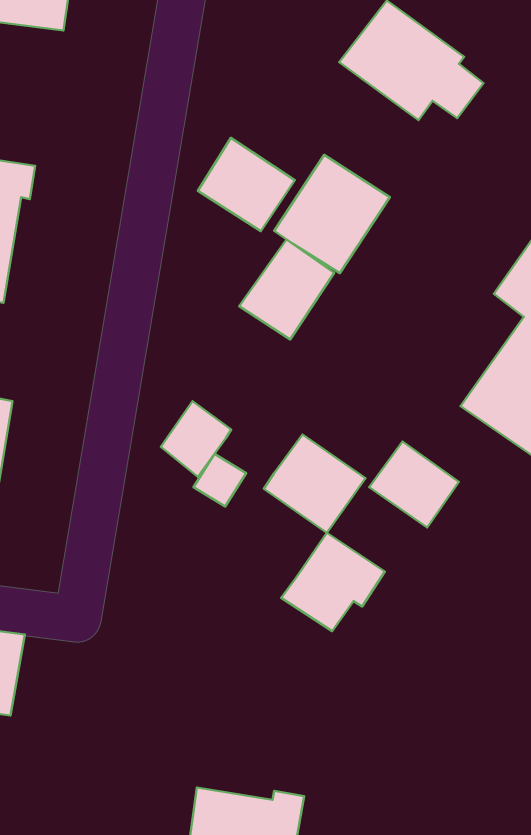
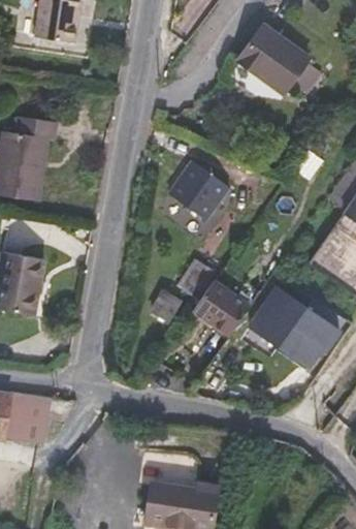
building: [198,138,295,231] -> none
building: [274,155,390,273] -> none
building: [161,401,231,477] -> [176,258,218,303]
building: [281,533,385,631] -> [280,308,341,366]

